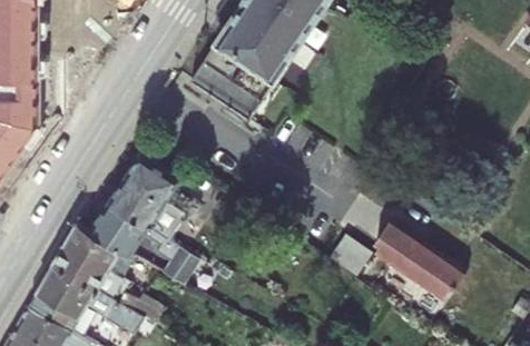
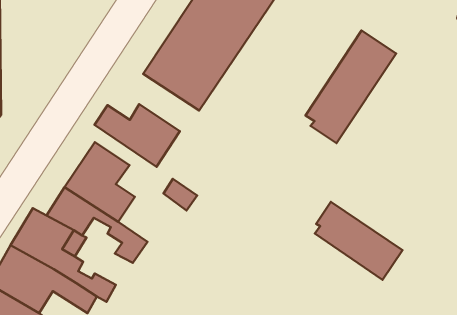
building: none -> [305,31,396,143]
building: none -> [94,104,180,167]
building: [327,235,372,277] -> none

